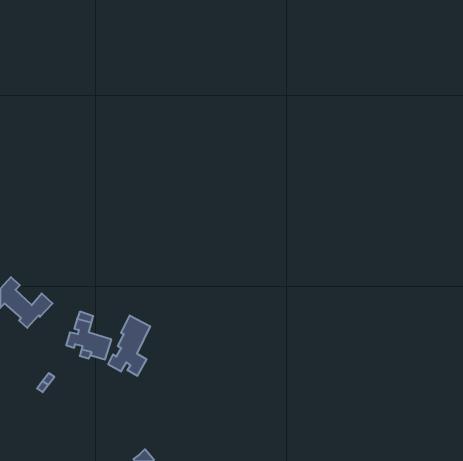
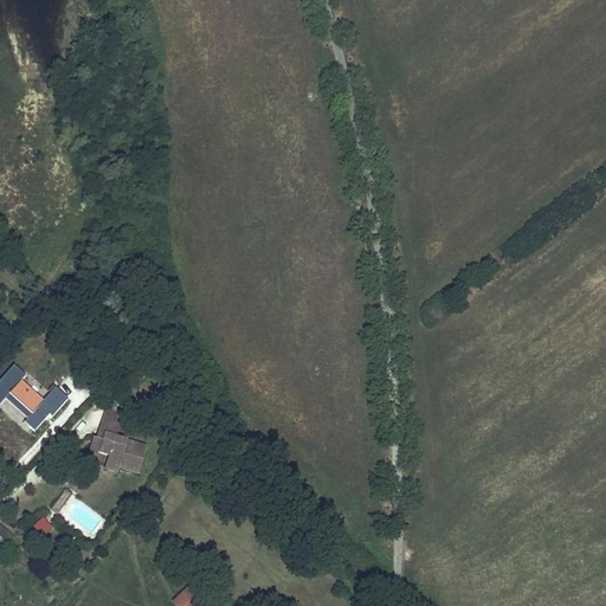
building: [108,315,150,376] -> none

